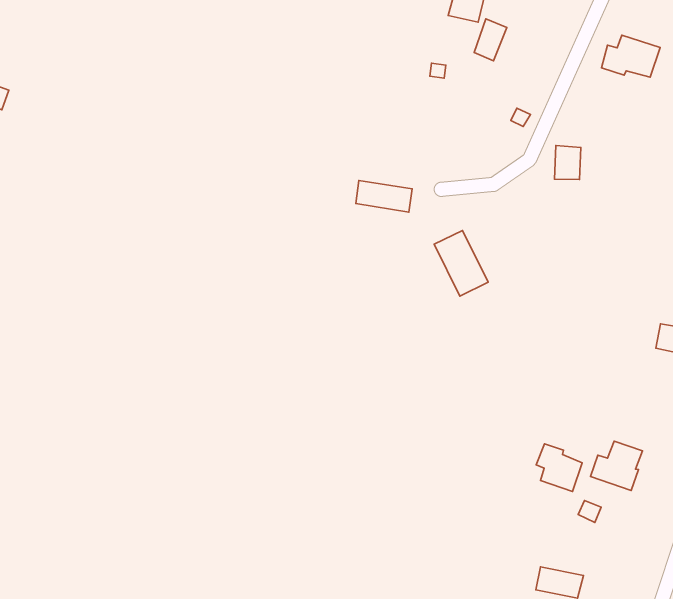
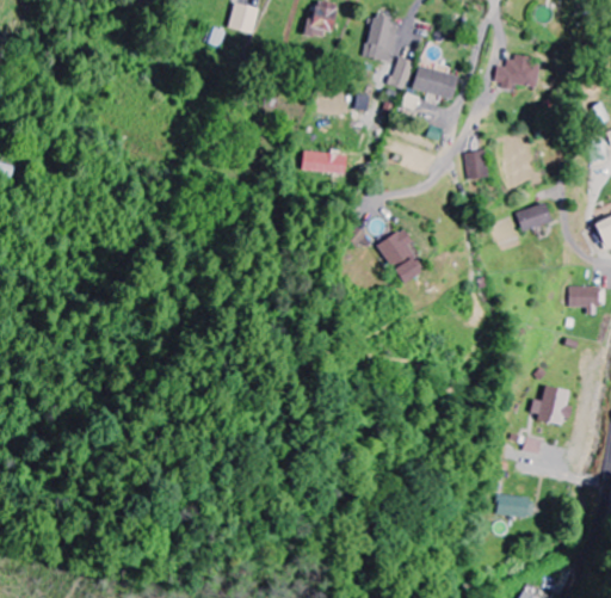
building: none -> [413,66,458,98]
building: [356,180,412,212] -> [302,152,346,172]
building: none -> [517,203,551,230]
building: [536,444,582,491] -> none

